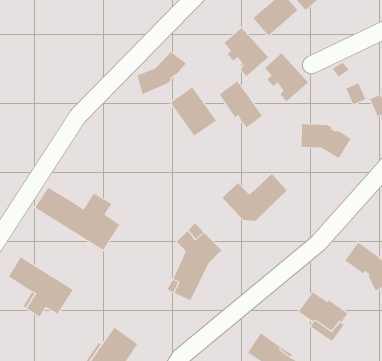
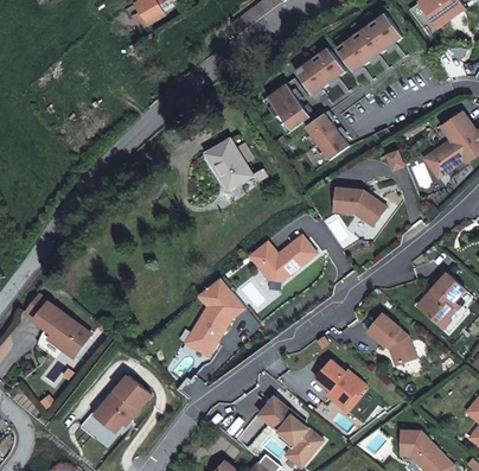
building: [137,51,187,95] -> none
building: [219,80,263,129] -> none
building: [34,187,120,251] -> none

